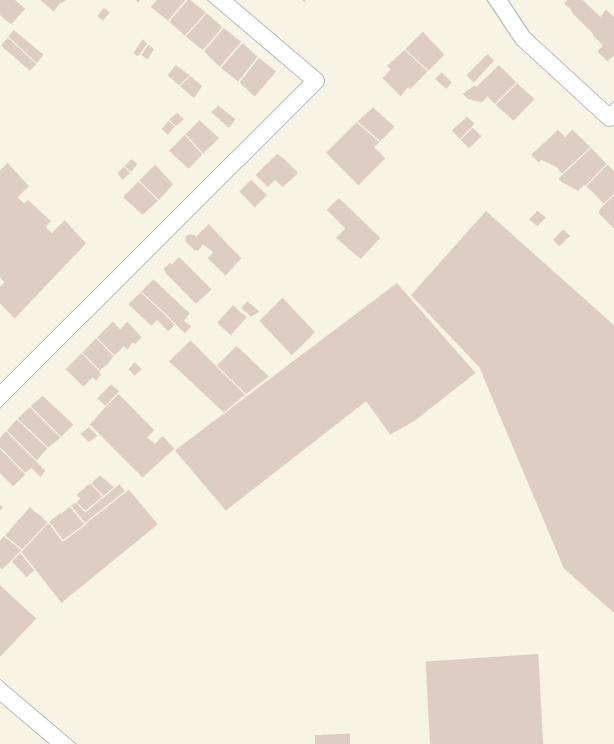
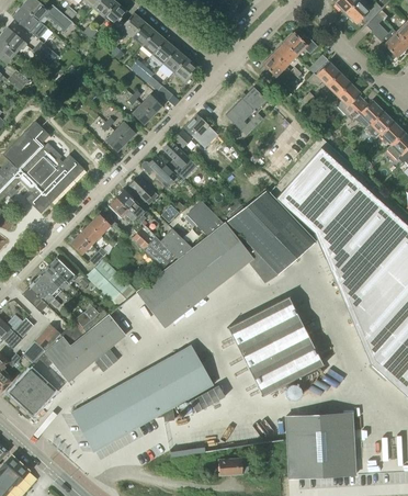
building: none -> [283,32,317,56]
building: none -> [336,82,363,115]
building: [326,197,381,260] -> [162,140,195,178]
building: none -> [227,296,322,395]
building: none -> [71,345,213,451]

